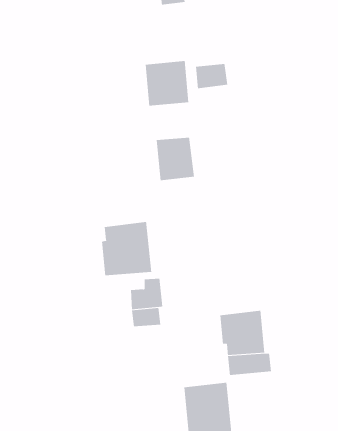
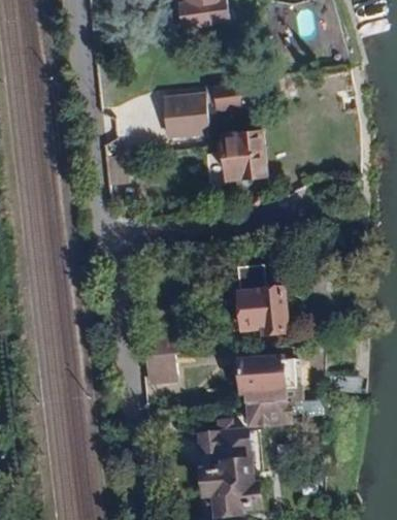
building: [156,137,195,181] -> [222,129,263,175]
building: [101,221,152,276] -> none
building: none -> [241,291,287,335]

